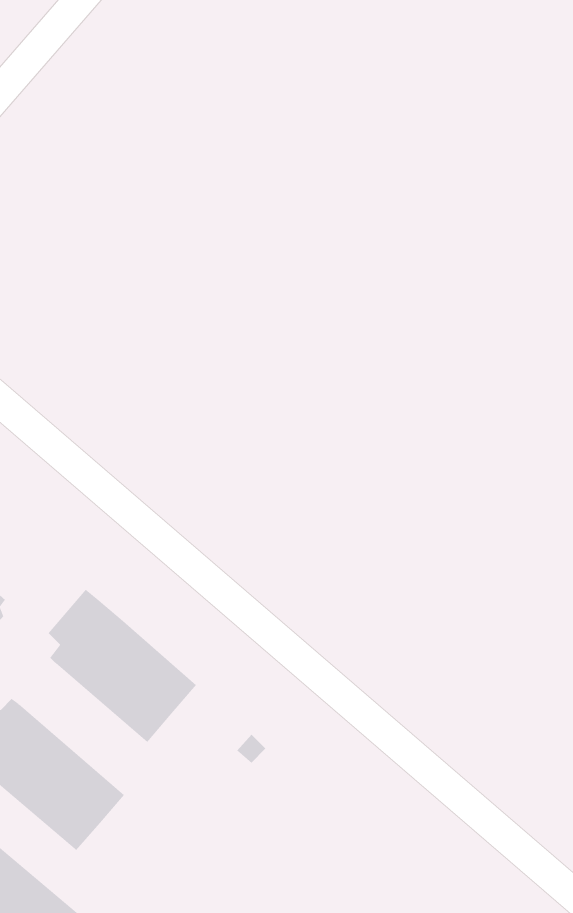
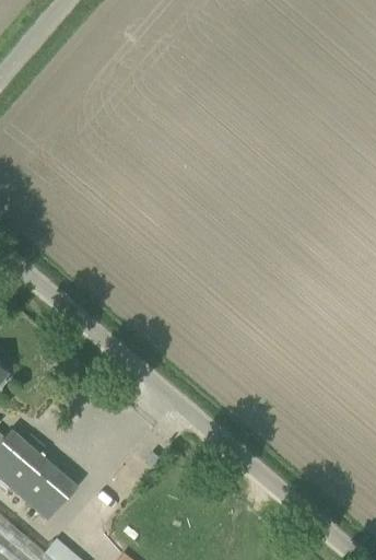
building: [48,589,197,743] -> none

